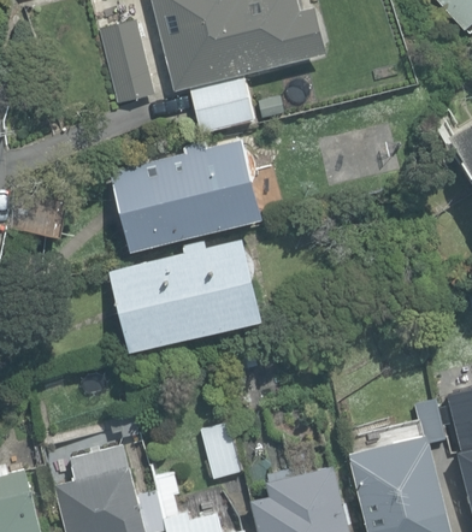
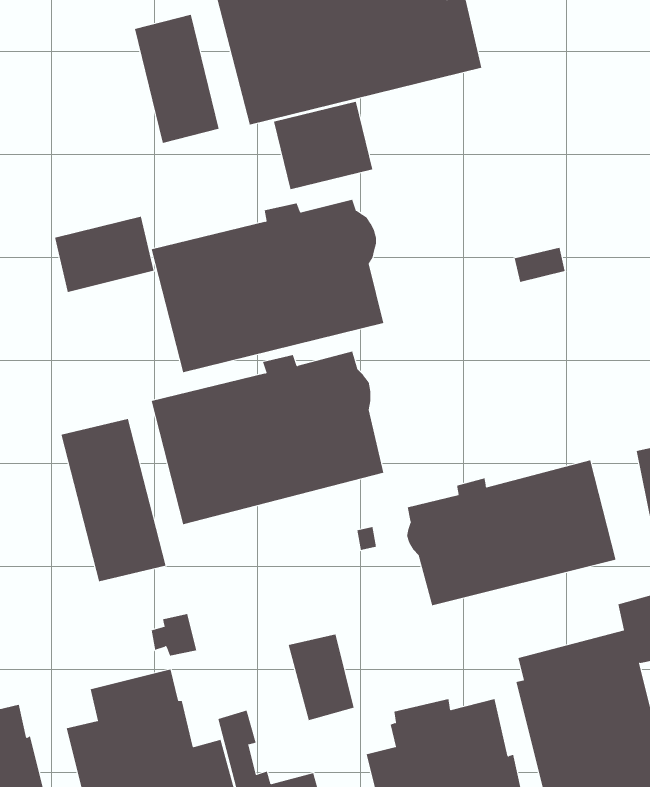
building: none -> [55,216,154,293]
building: none -> [61,418,166,582]
building: none -> [407,459,616,606]

